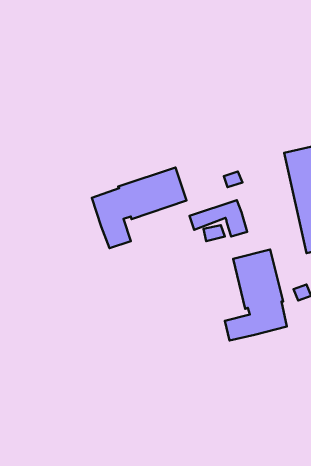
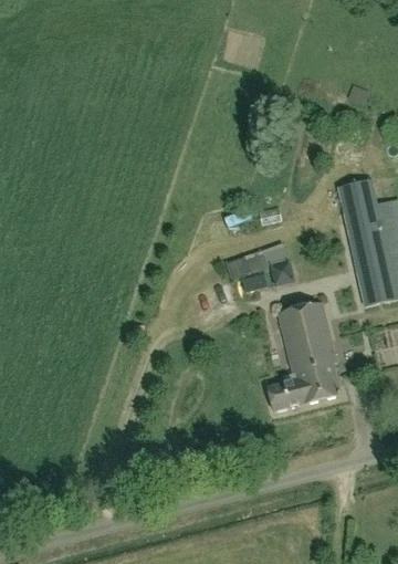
building: [92,168,186,248] -> none

